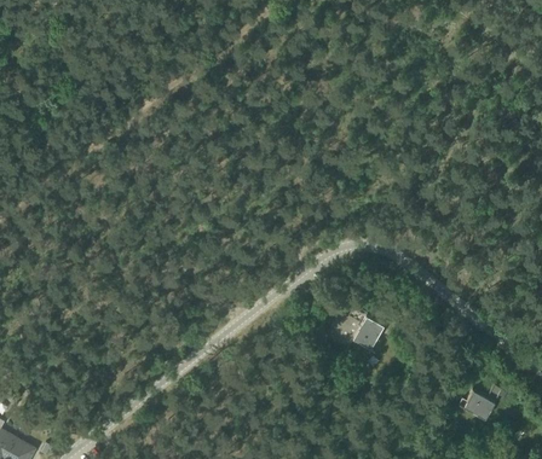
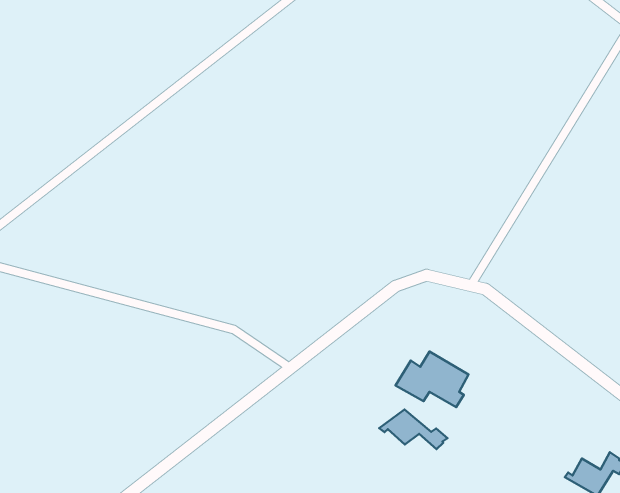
building: none -> [379,409,448,449]

